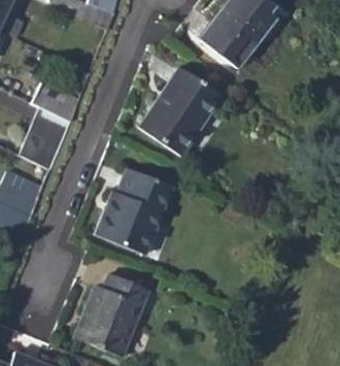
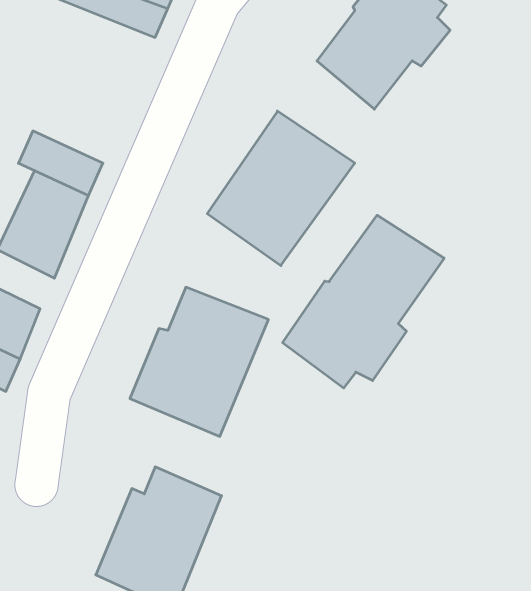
building: none -> [283,215,444,388]

